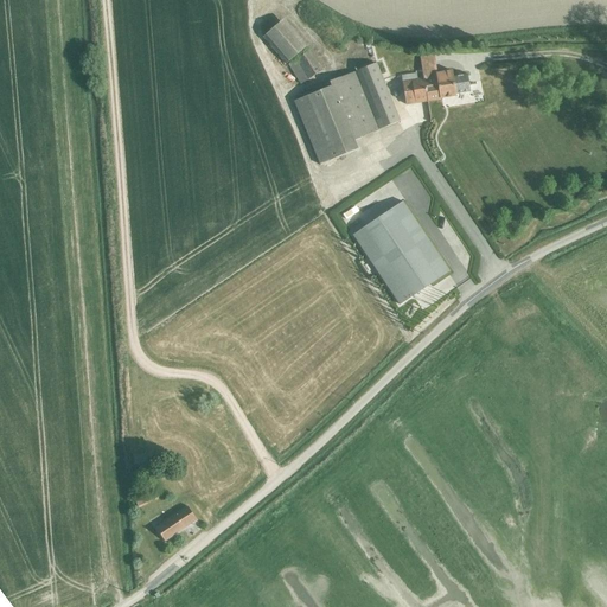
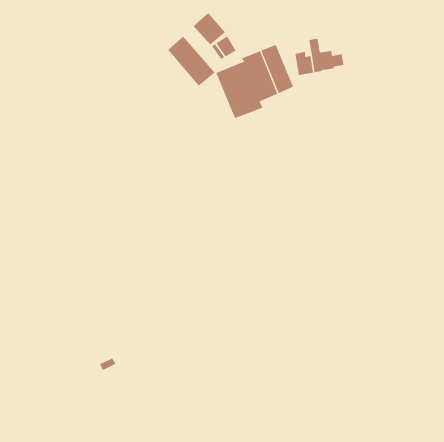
building: none -> [167,36,215,87]
building: [353,199,451,302] -> none
building: [155,504,197,539] -> none

